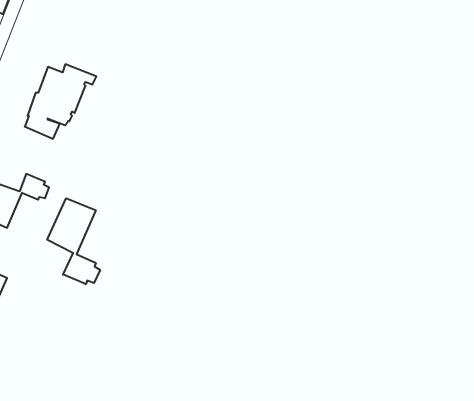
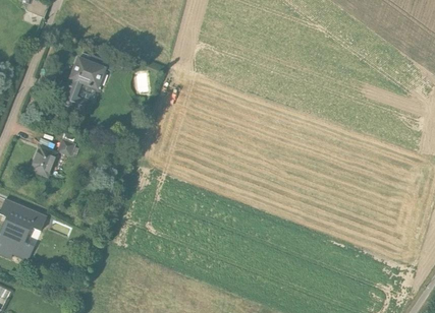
building: [47,198,100,284] -> none

